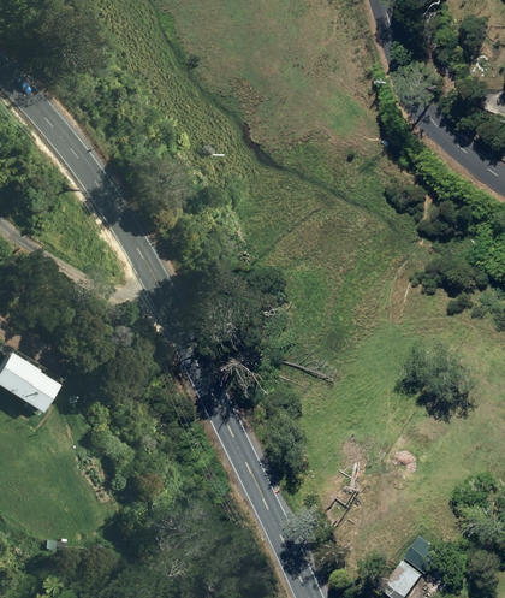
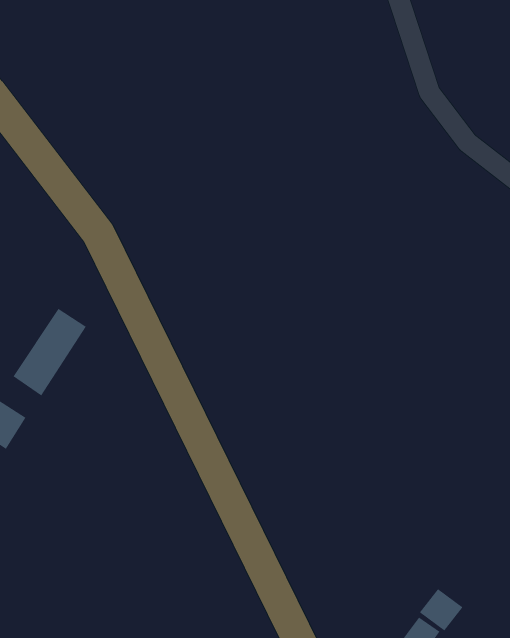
building: none -> [13,308,87,397]

